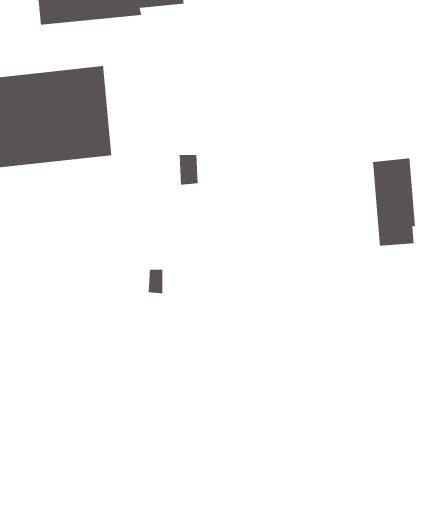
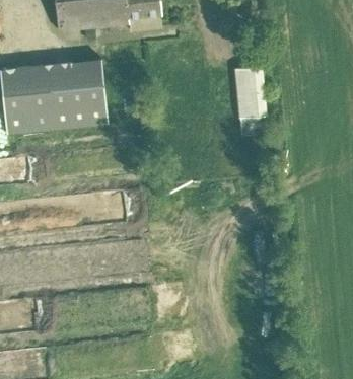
building: [372,157,416,247] -> [235,66,267,130]

